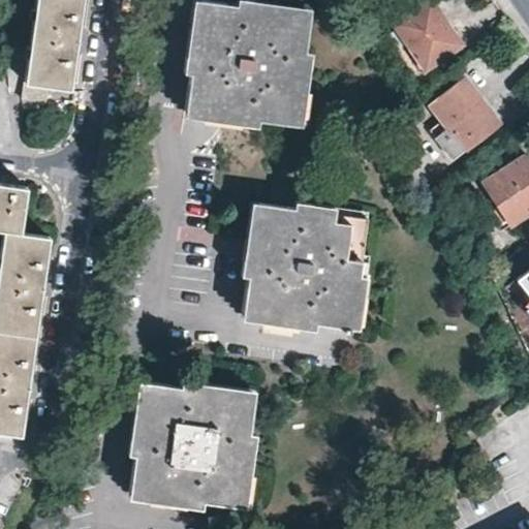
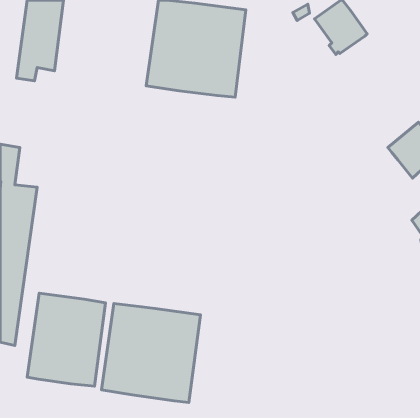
building: [430,81,500,161] -> none
building: [242,206,367,330] -> none
building: none -> [27,293,106,386]

